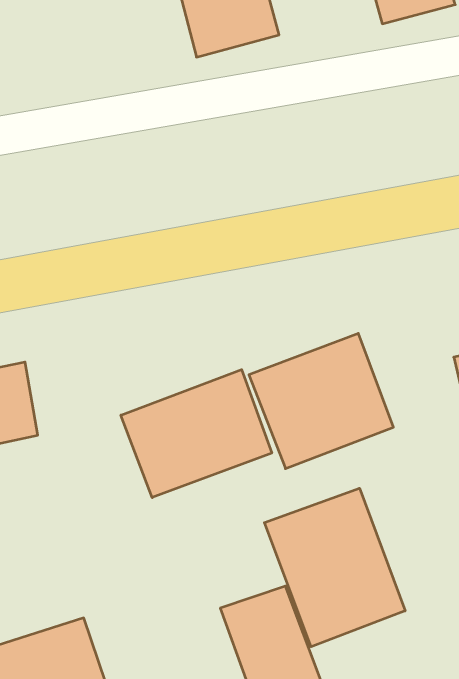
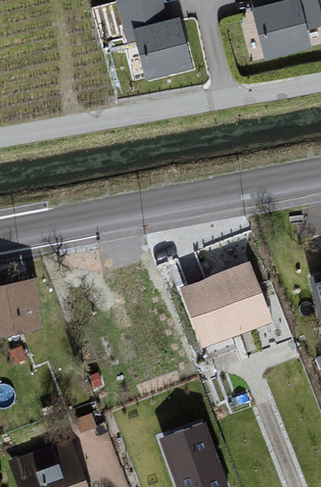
building: [121,370,272,498] -> none
building: [264,488,405,647] -> none

